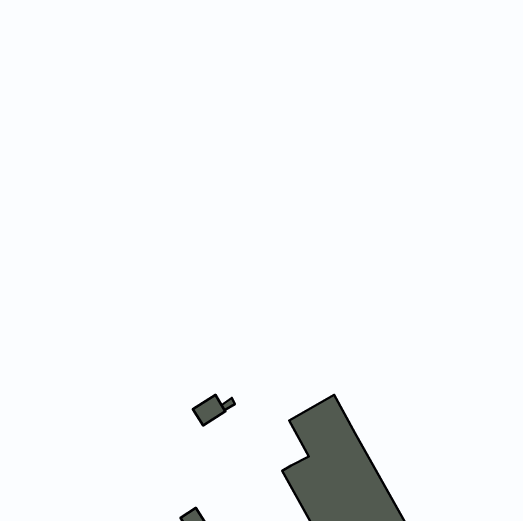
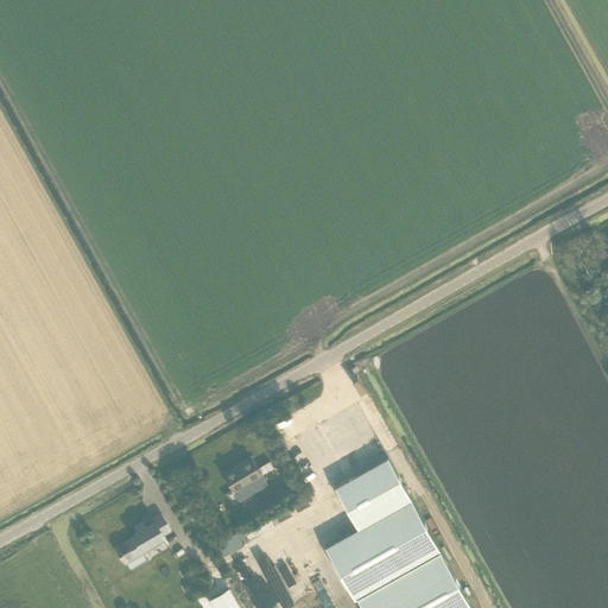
building: none -> [120,519,169,565]

